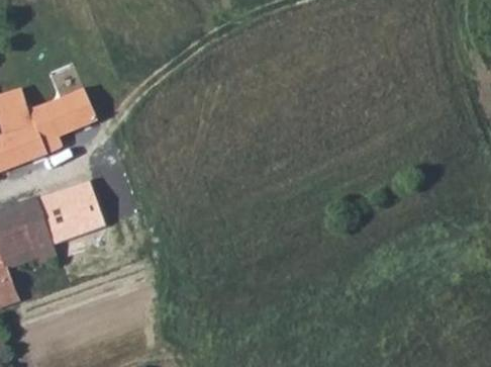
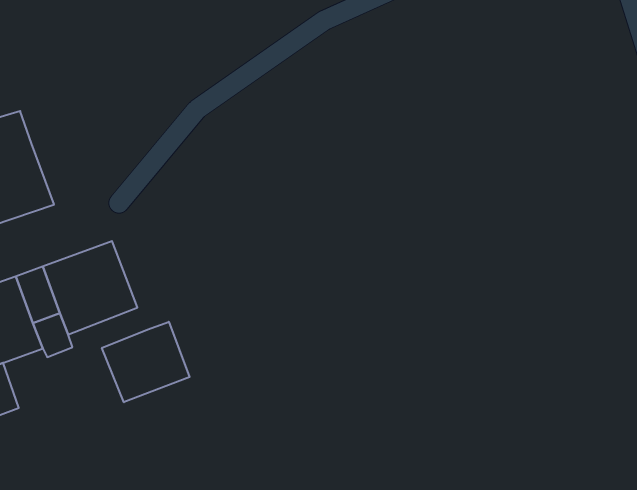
building: [27,88,97,155] -> none
building: none -> [102,322,190,402]

